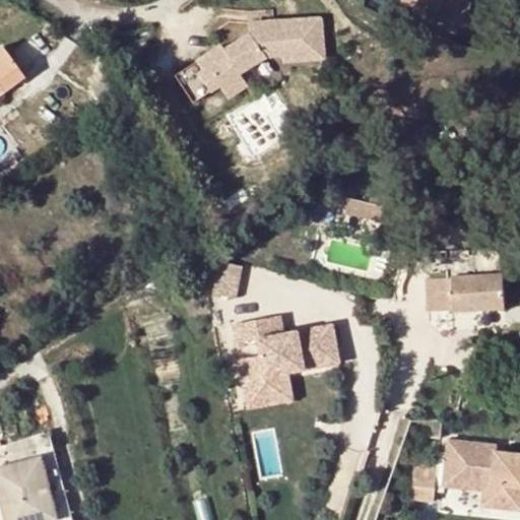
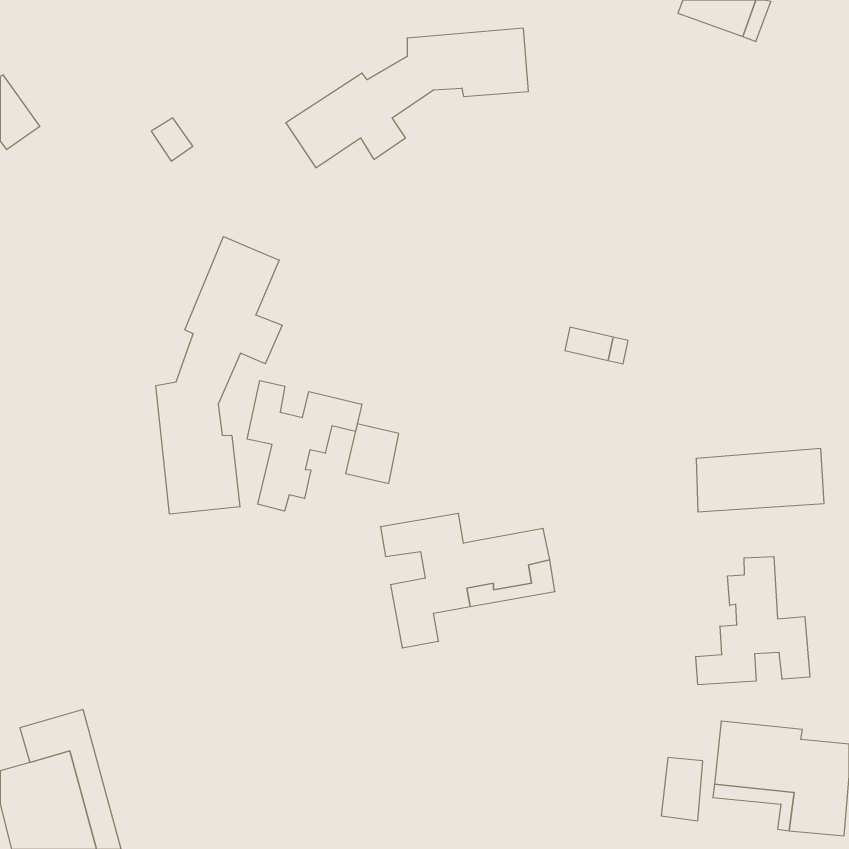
building: none -> [156,237,282,514]
building: none -> [247,381,362,511]
building: none -> [696,557,810,685]
building: [246,371,291,406] -> none

